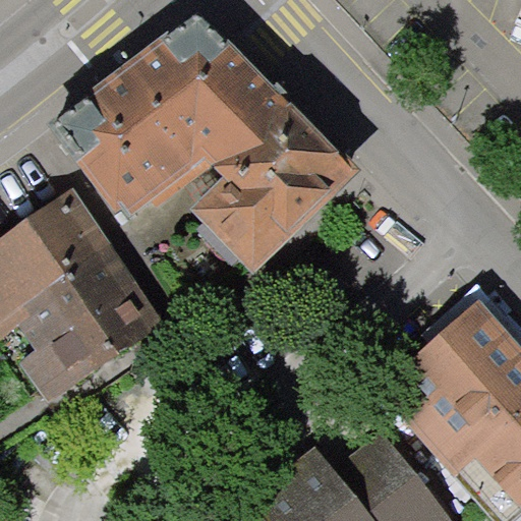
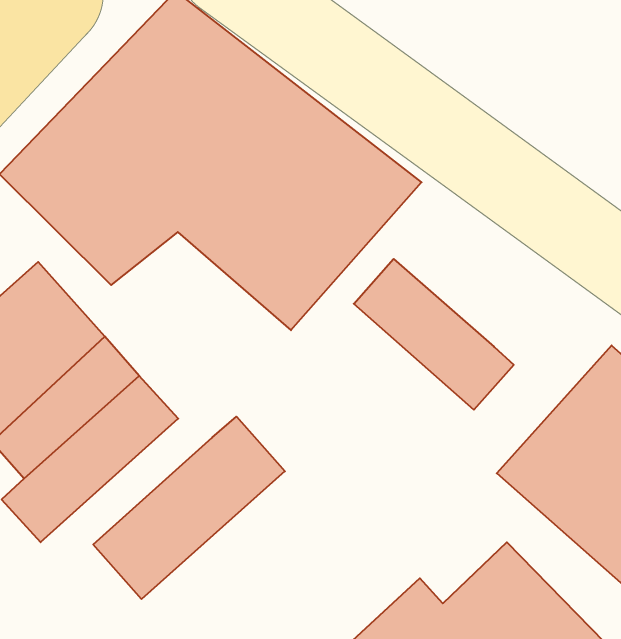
building: none -> [354,259,514,410]
building: none -> [93,417,285,599]

